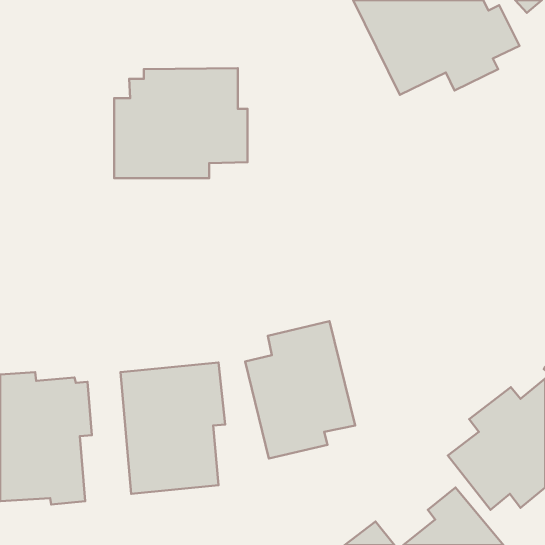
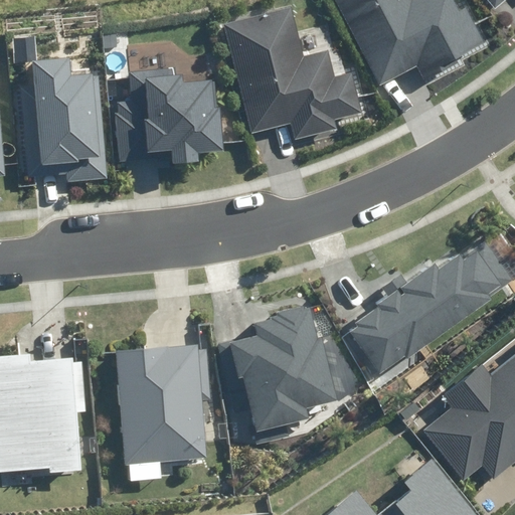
building: none -> [226,7,367,140]
building: none -> [21,58,107,181]
building: none -> [348,244,510,374]

